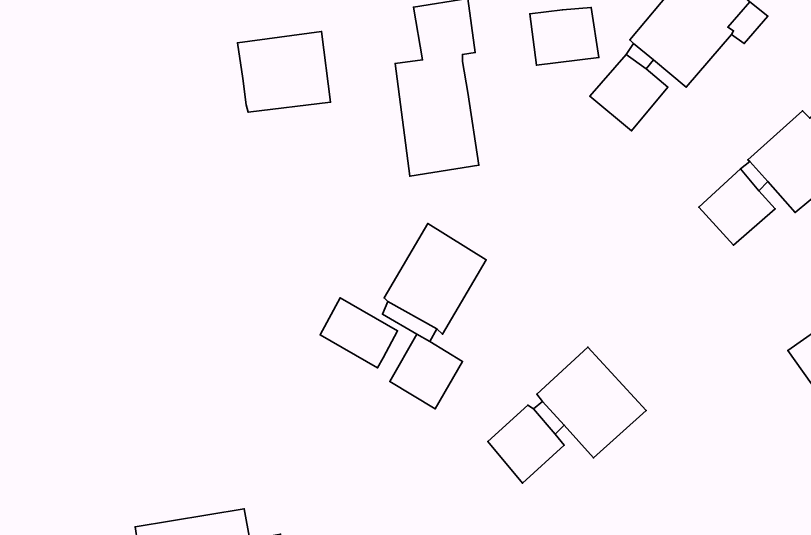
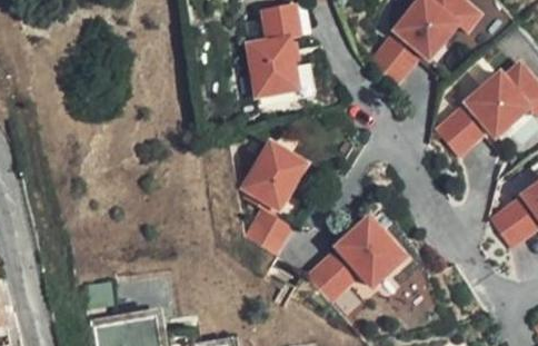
building: [530,8,599,65] -> none
building: [238,31,331,112] -> none
building: [320,298,397,368] -> none

